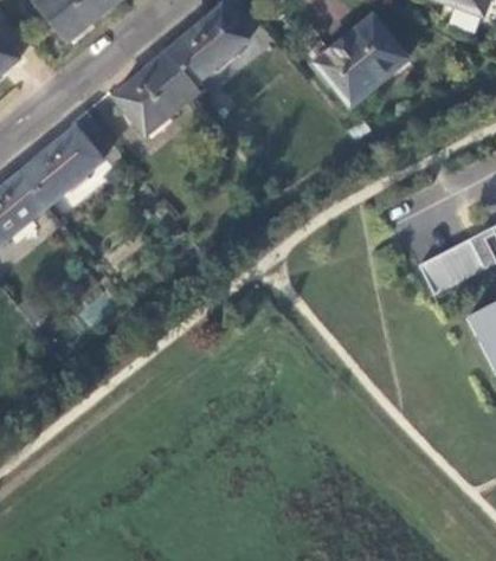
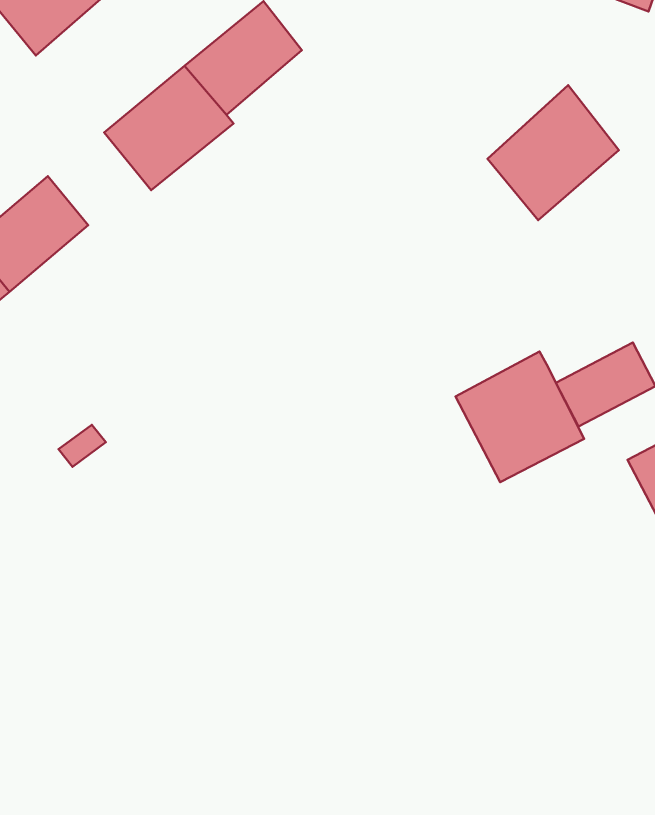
building: [316,13,405,104] -> [487,85,619,220]
building: none -> [455,351,584,482]

